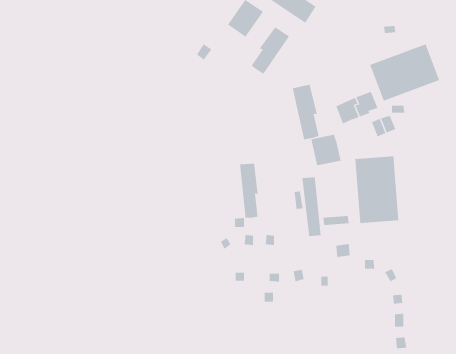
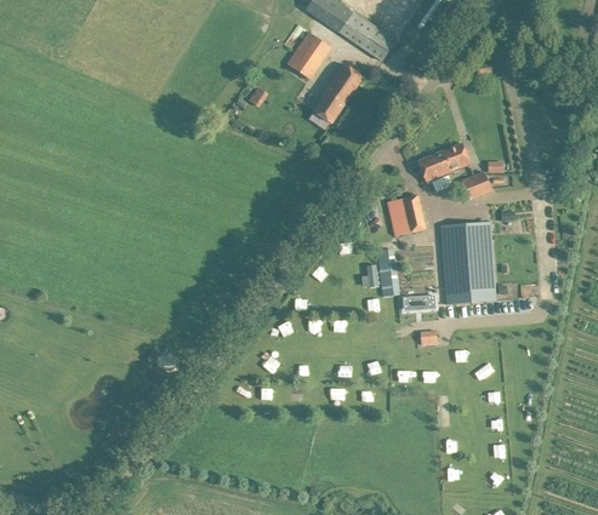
building: [370,44,440,102] -> none
building: [292,84,319,140] -> none
building: [239,163,258,219] -> none

